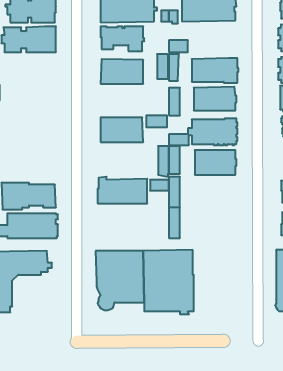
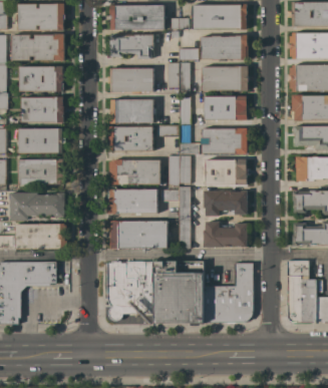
building: none -> [201,34,249,59]
building: none -> [20,66,65,91]
building: none -> [21,96,64,122]
building: none -> [110,99,155,123]
building: none -> [19,128,66,153]
building: none -> [19,158,64,184]
building: none -> [109,159,160,184]
building: none -> [204,189,248,216]
building: none -> [110,221,168,249]
building: none -> [204,222,248,248]
building: none -> [205,263,254,326]

